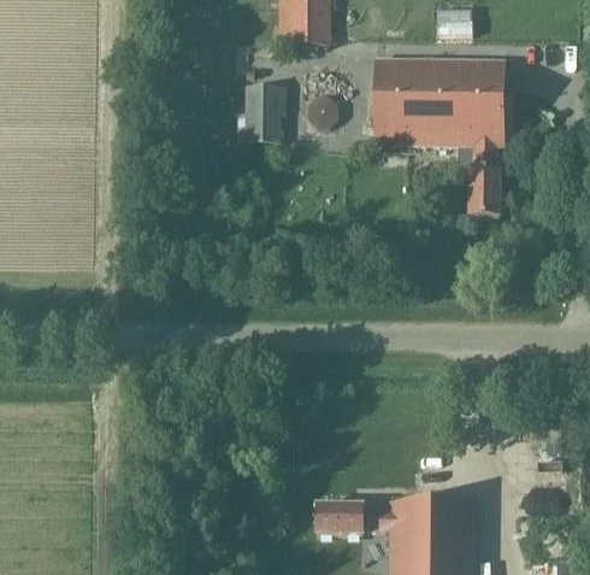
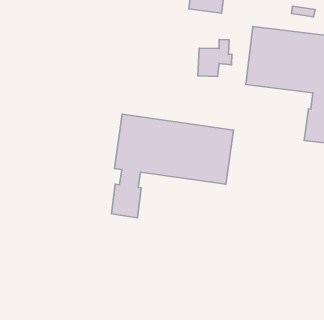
building: [237,82,282,140] -> none
building: none -> [112,114,233,218]

